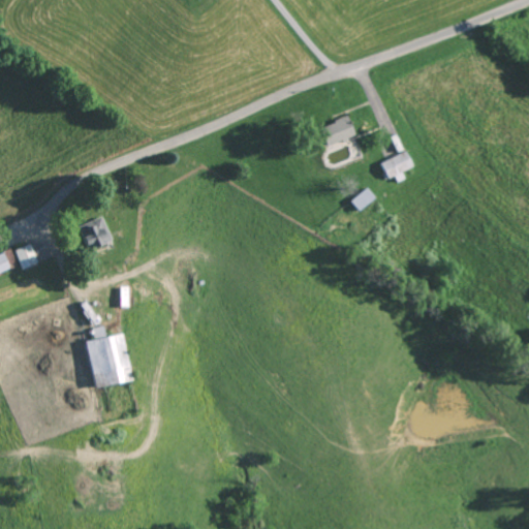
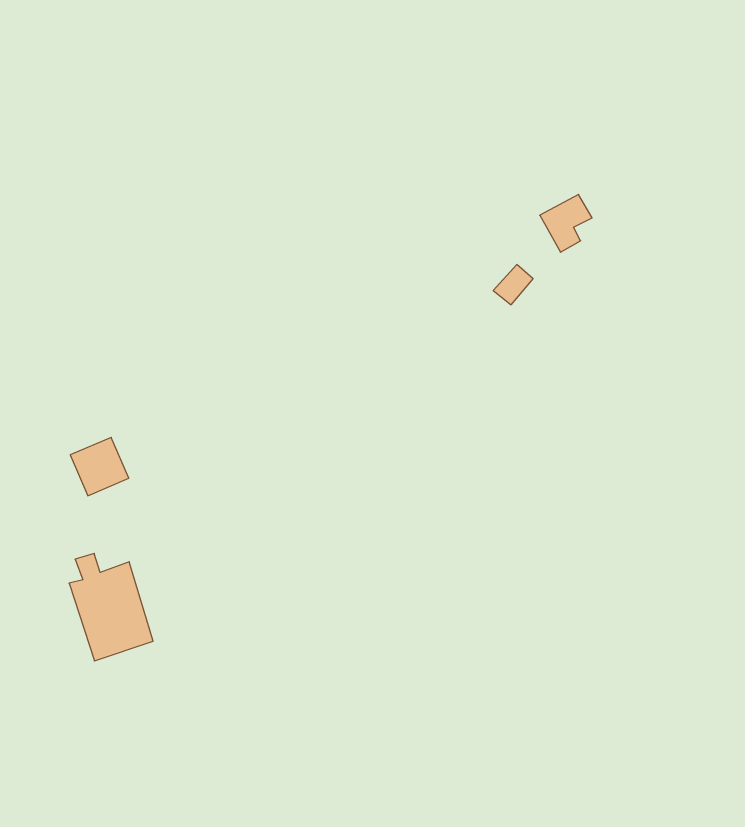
building: [320,117,354,146] -> none
building: [79,217,111,249] -> [70,437,129,496]

